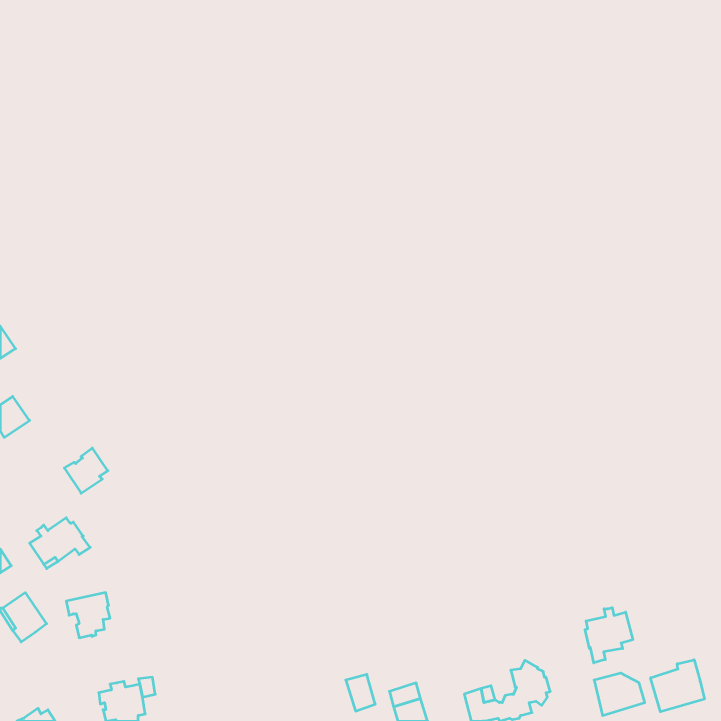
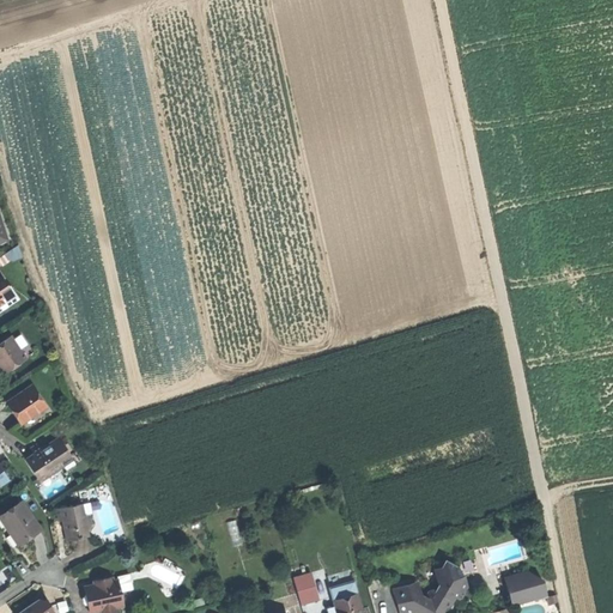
building: [64,448,108,493] -> [8,386,45,424]
building: [585,608,633,663] -> none
building: [651,660,704,712] -> none

